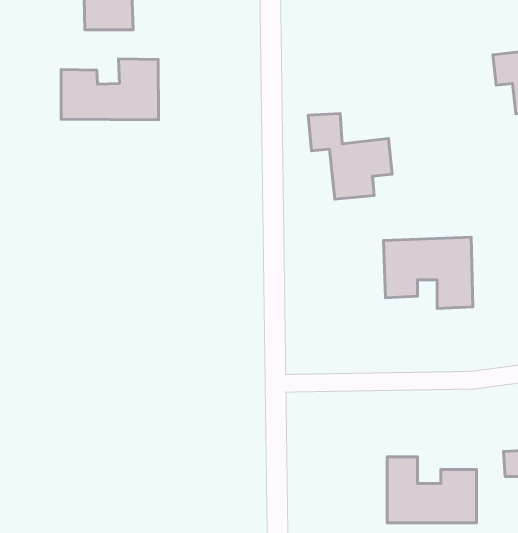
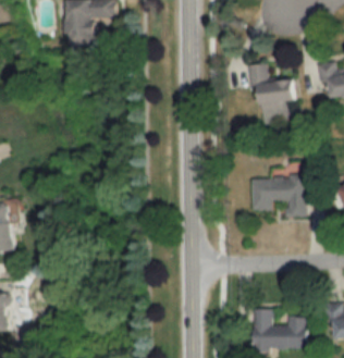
building: [61,59,159,120] -> none
building: [308,113,392,199] -> [246,64,297,116]

